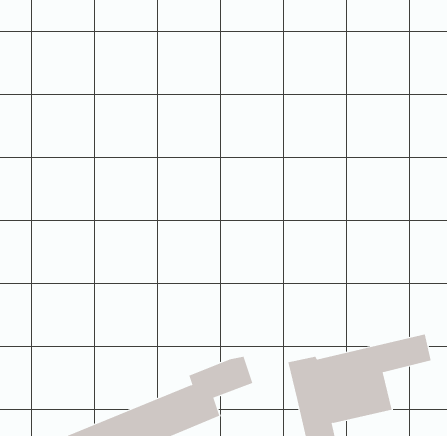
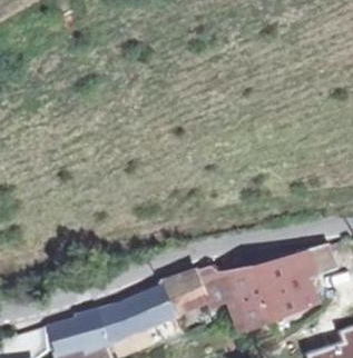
building: none -> [198,262,237,308]

